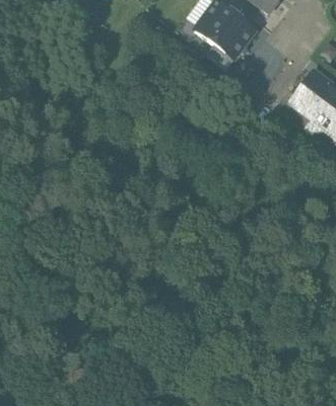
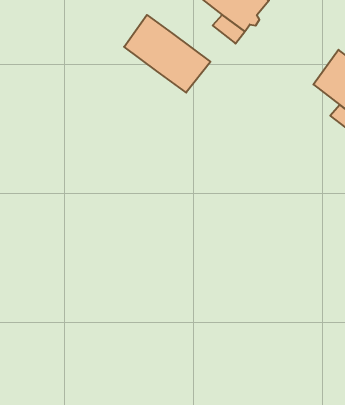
building: none -> [124,15,210,93]

